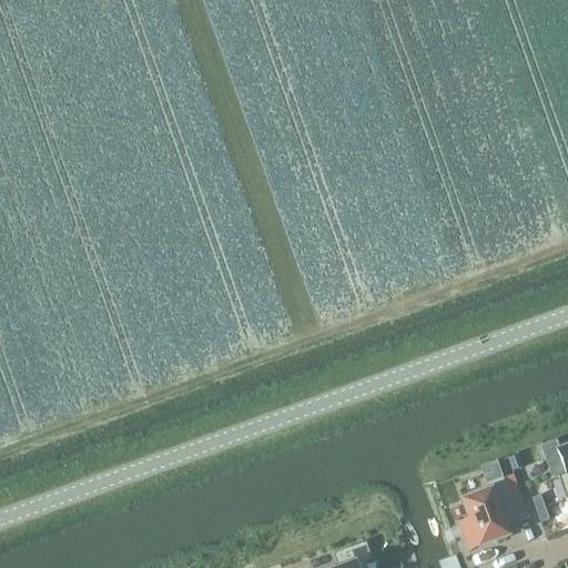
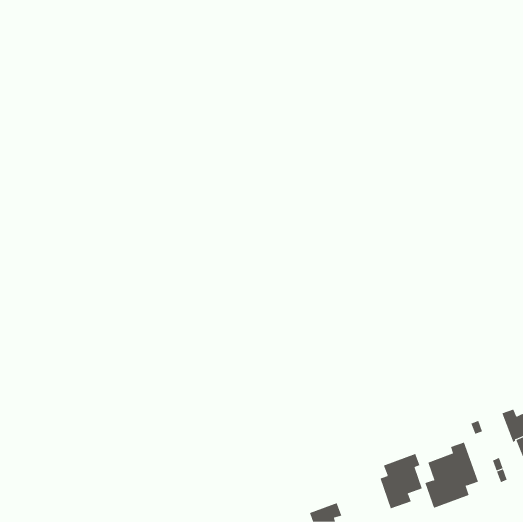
building: none -> [380,453,423,509]

